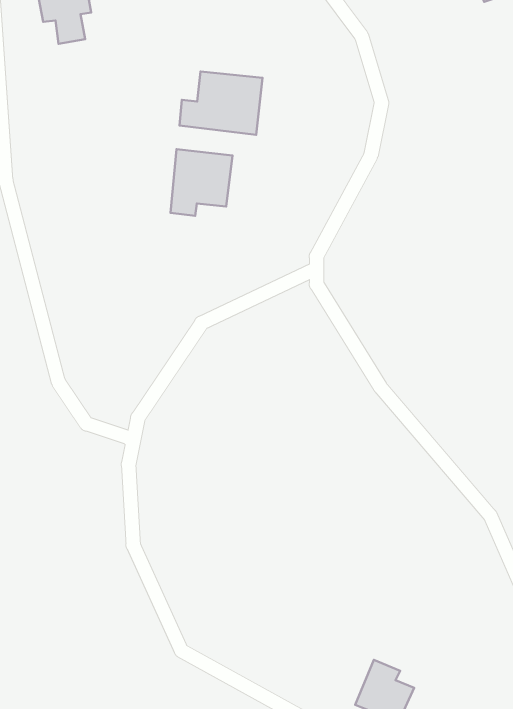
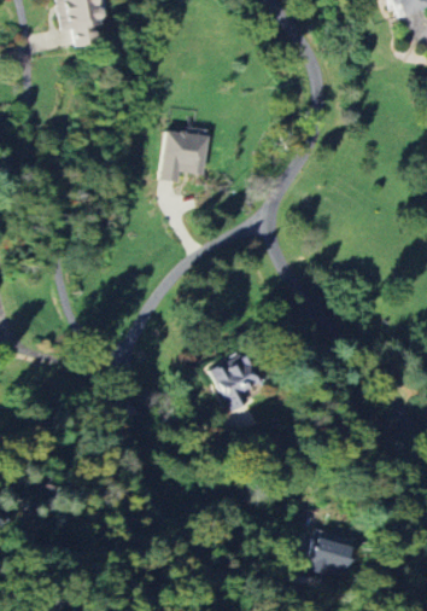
building: [180,71,262,135] -> none
building: none -> [209,351,256,409]

